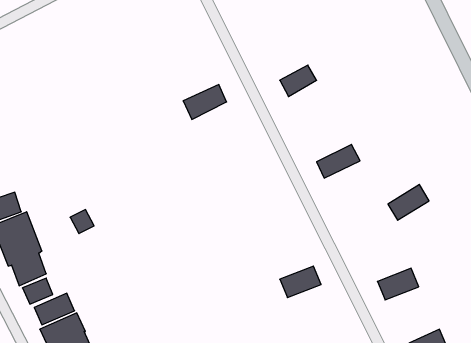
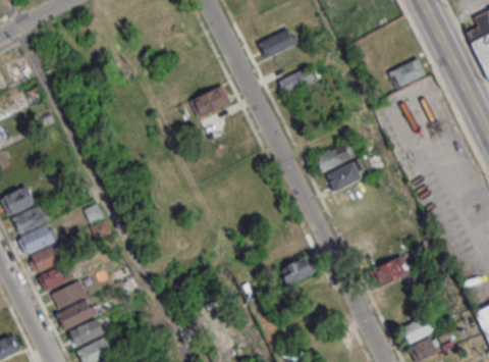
building: none -> [258,28,296,59]
building: none -> [389,58,426,89]
building: [388,184,429,220] -> [325,160,364,194]

